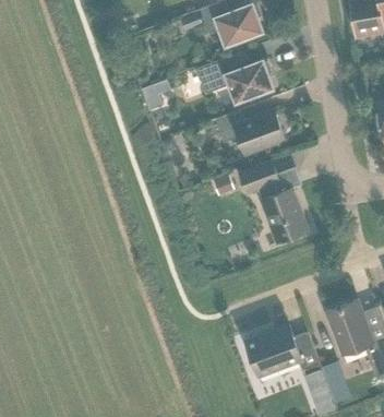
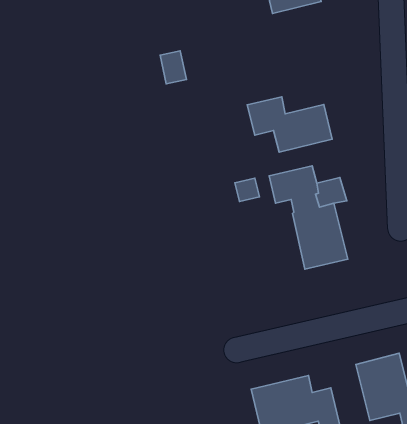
building: [195,58,273,102] -> none

